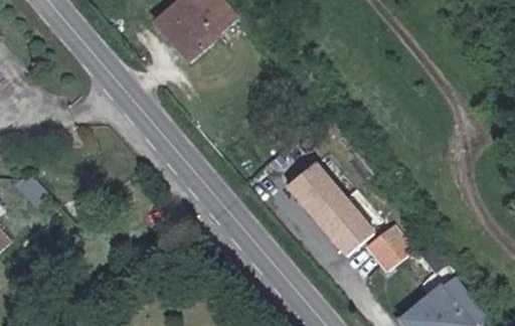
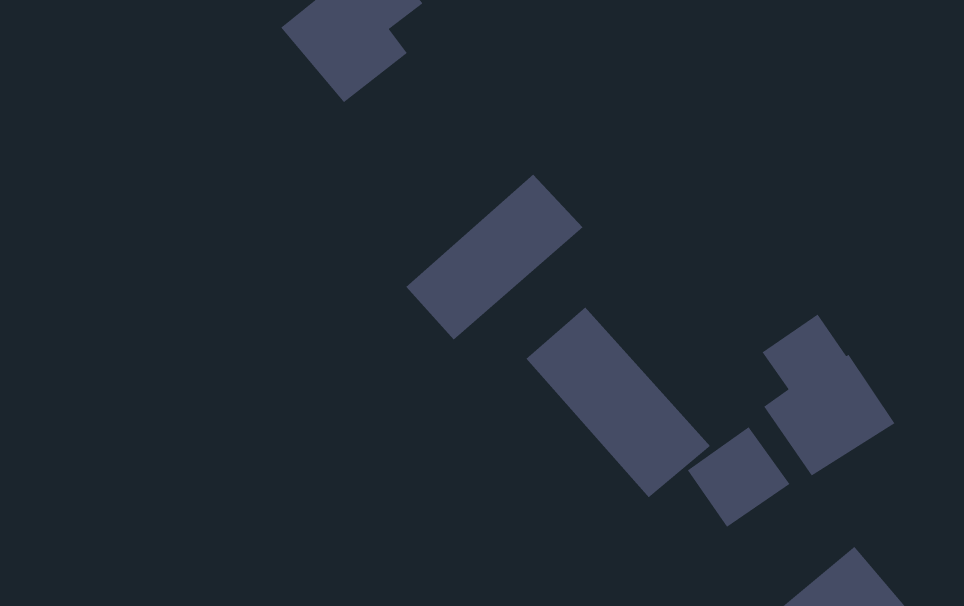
building: none -> [406,174,583,340]
building: none -> [762,313,895,477]

